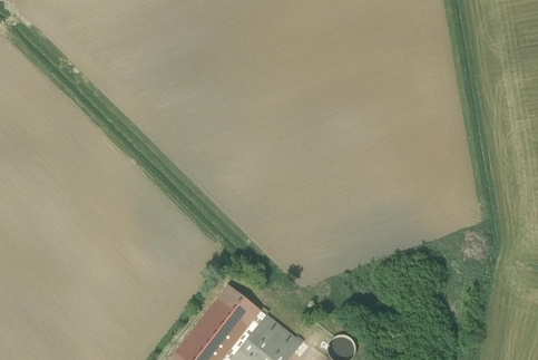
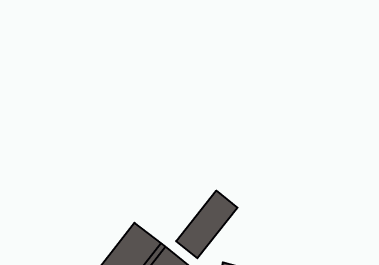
building: none -> [176,191,238,258]

